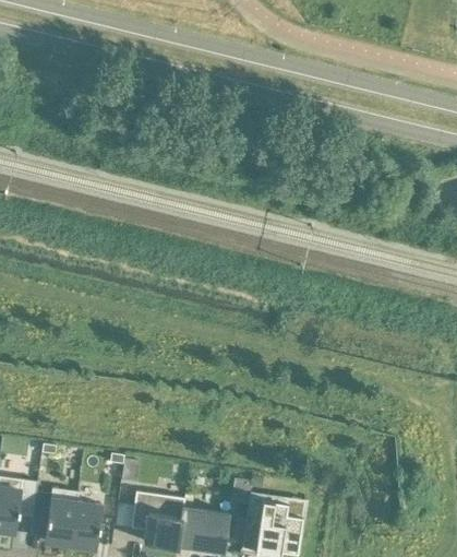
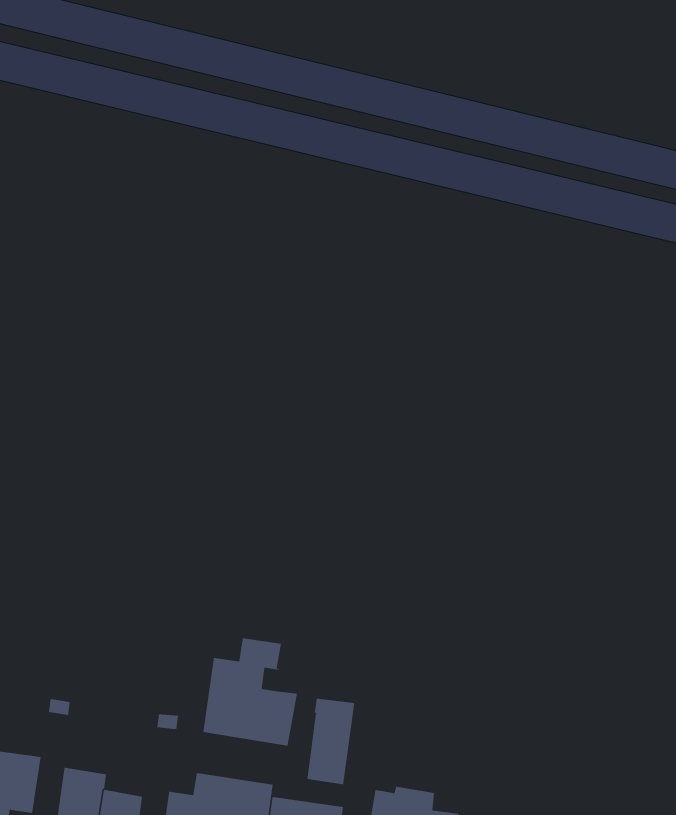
building: none -> [203,637,297,746]
building: none -> [307,698,355,785]

